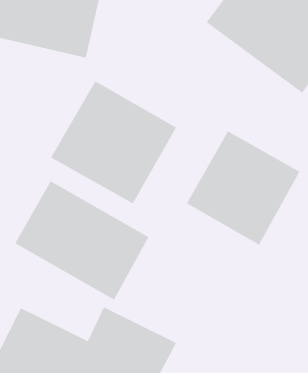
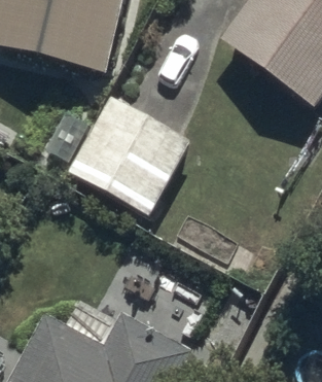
building: [186,130,300,246] -> none
building: [15,181,149,301] -> none

